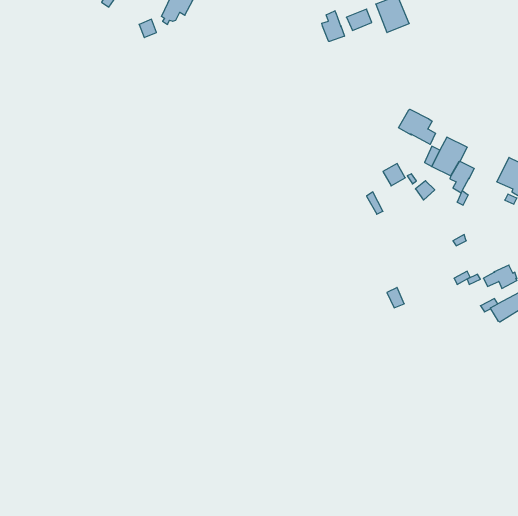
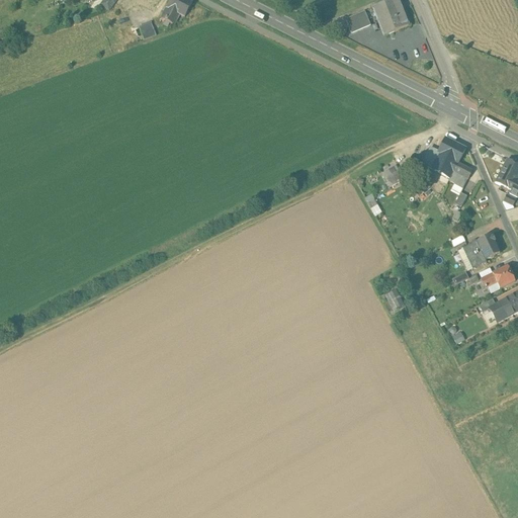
building: [322,11,344,41] -> none
building: [399,109,435,144] -> none
building: none -> [463,233,501,267]

